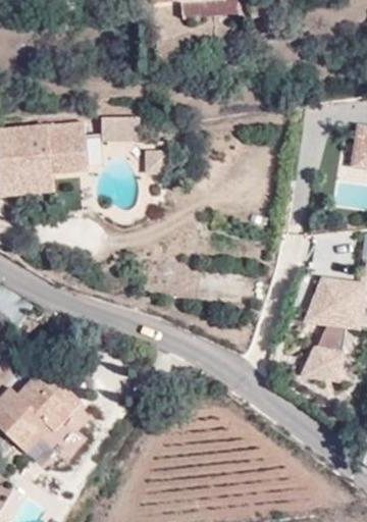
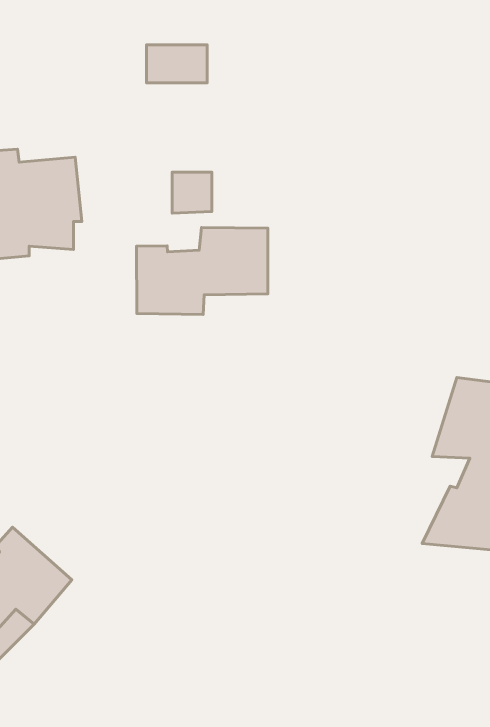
building: [98,120,136,144] -> [146,45,207,83]
building: none -> [137,227,268,315]

